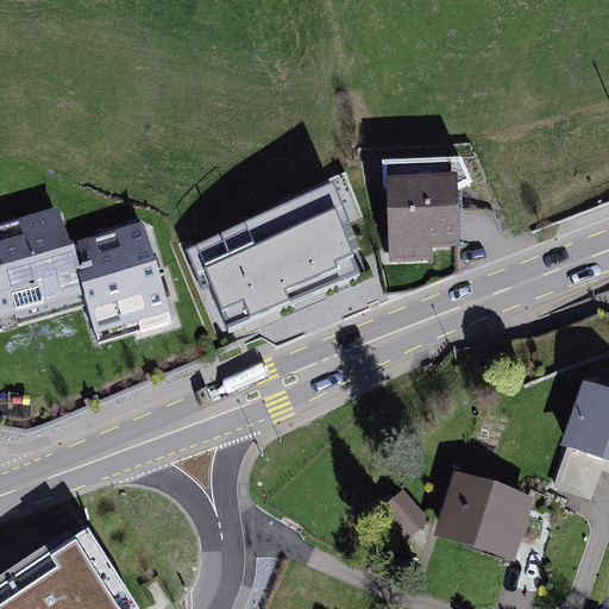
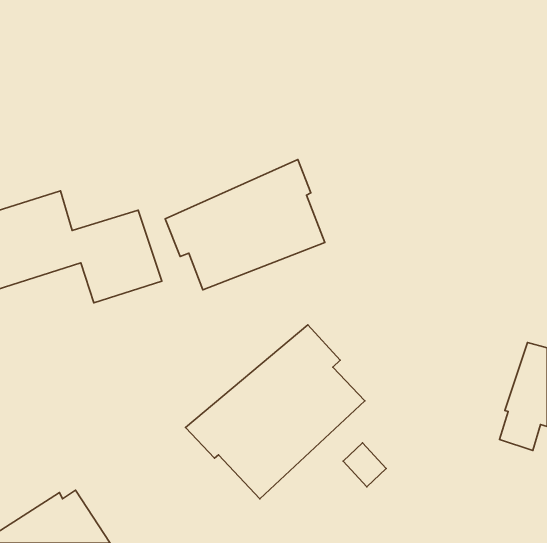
building: [390,165,476,262] -> none
building: none -> [186,325,365,499]
building: [431,462,530,565] -> none

